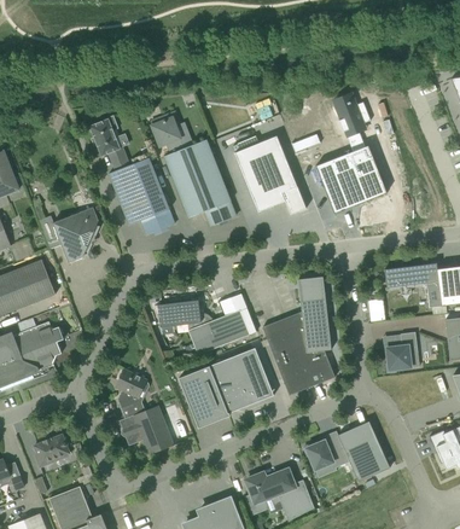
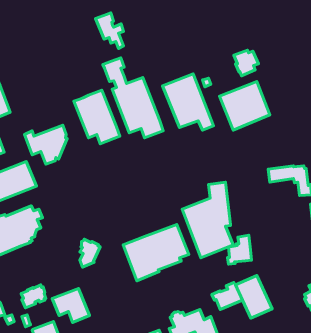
building: [89,117,129,168] -> [96,13,124,48]
building: [157,300,250,354] -> none
building: [385,331,419,372] -> [228,235,251,264]
building: [120,406,173,454] -> [52,288,90,322]

